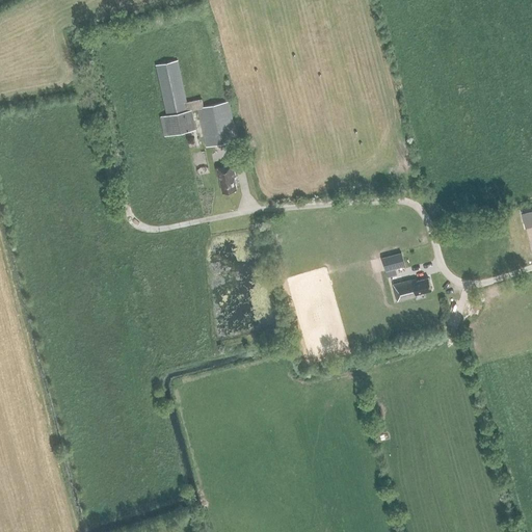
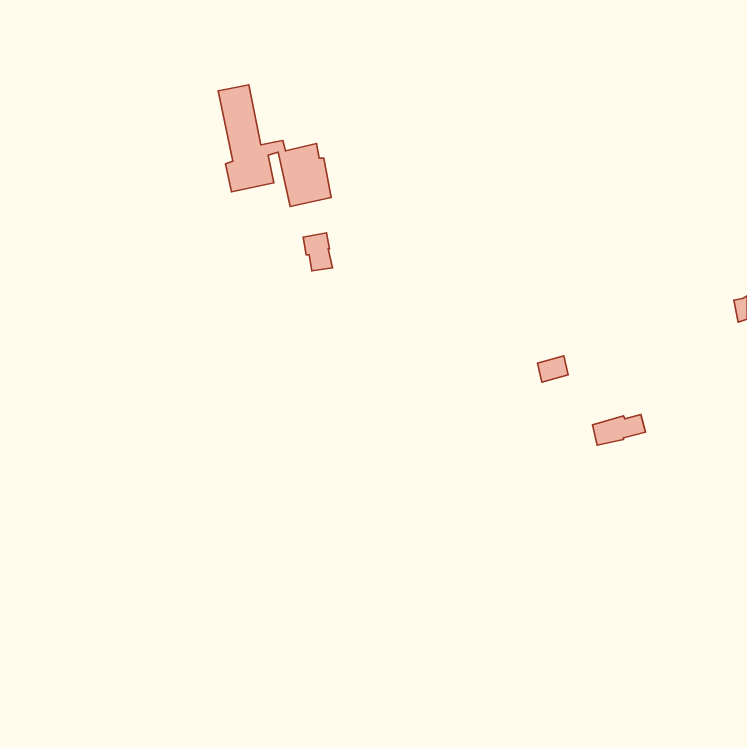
building: [393,277,430,299] -> [593,414,645,445]

